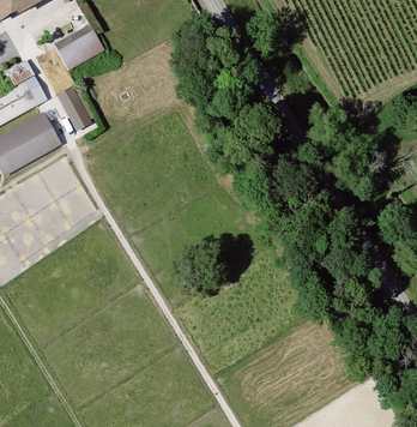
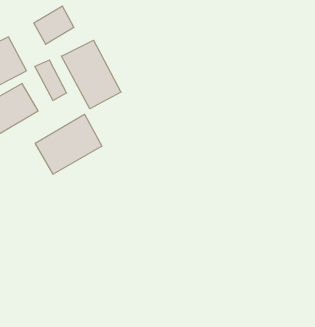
building: none -> [61,40,121,109]
building: none -> [35,114,102,174]

